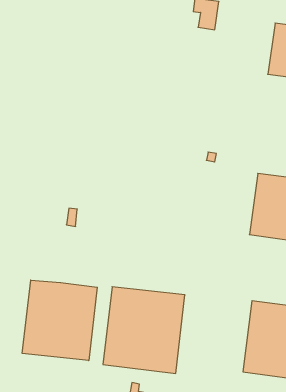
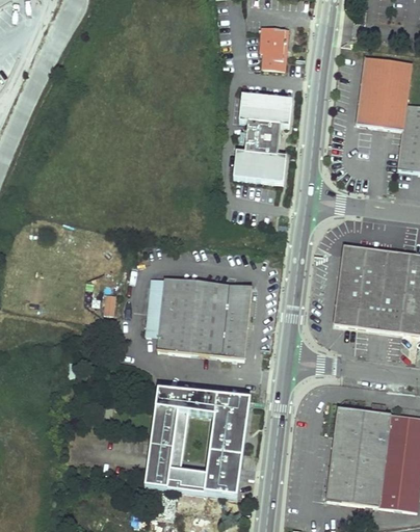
building: none -> [235,94,293,181]
building: none -> [150,276,254,358]
building: [22,280,97,361] -> none

